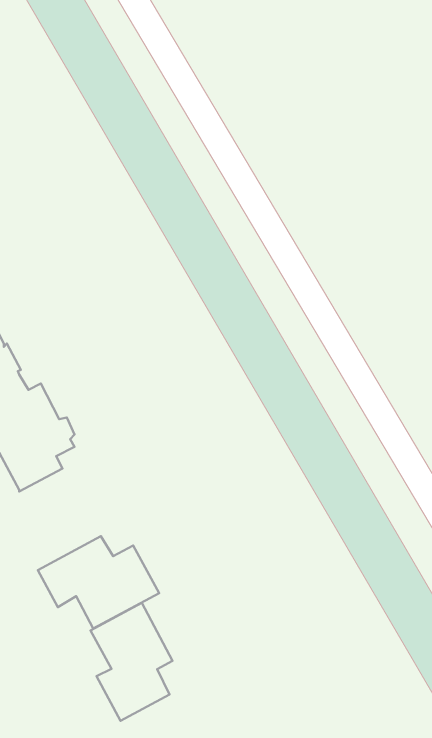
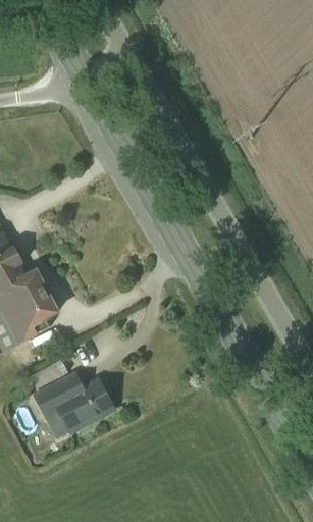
building: [91,603,173,721] -> none

